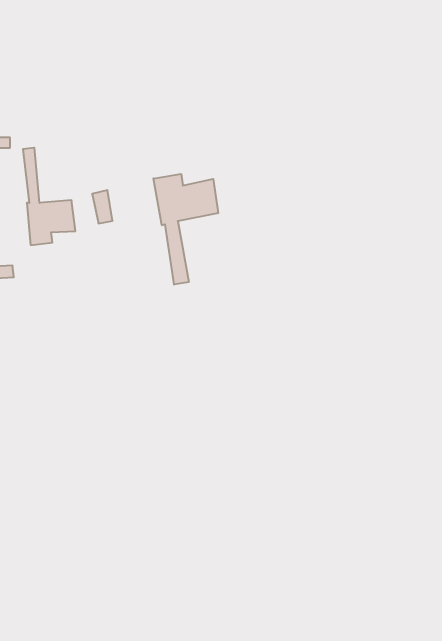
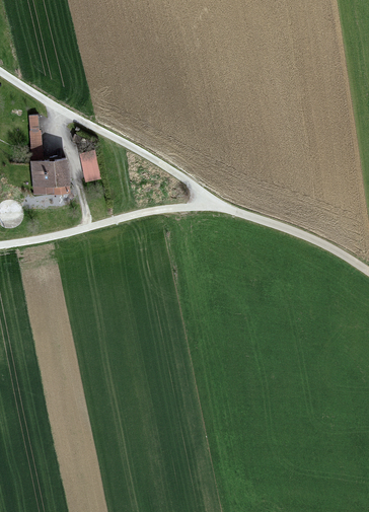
building: [153,174,218,285] -> none

